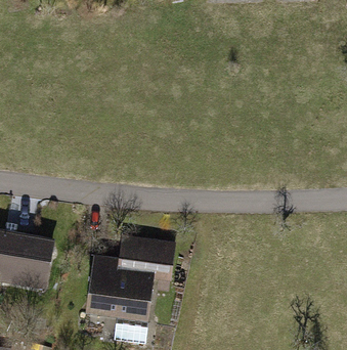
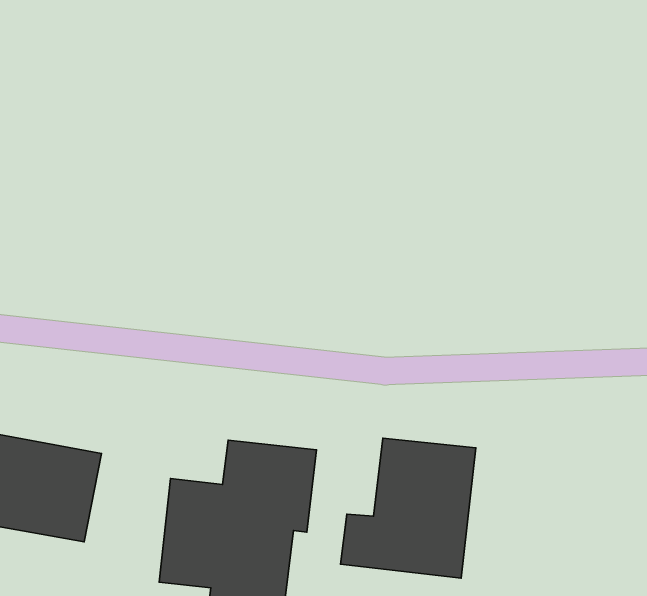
building: none -> [340,438,476,578]

